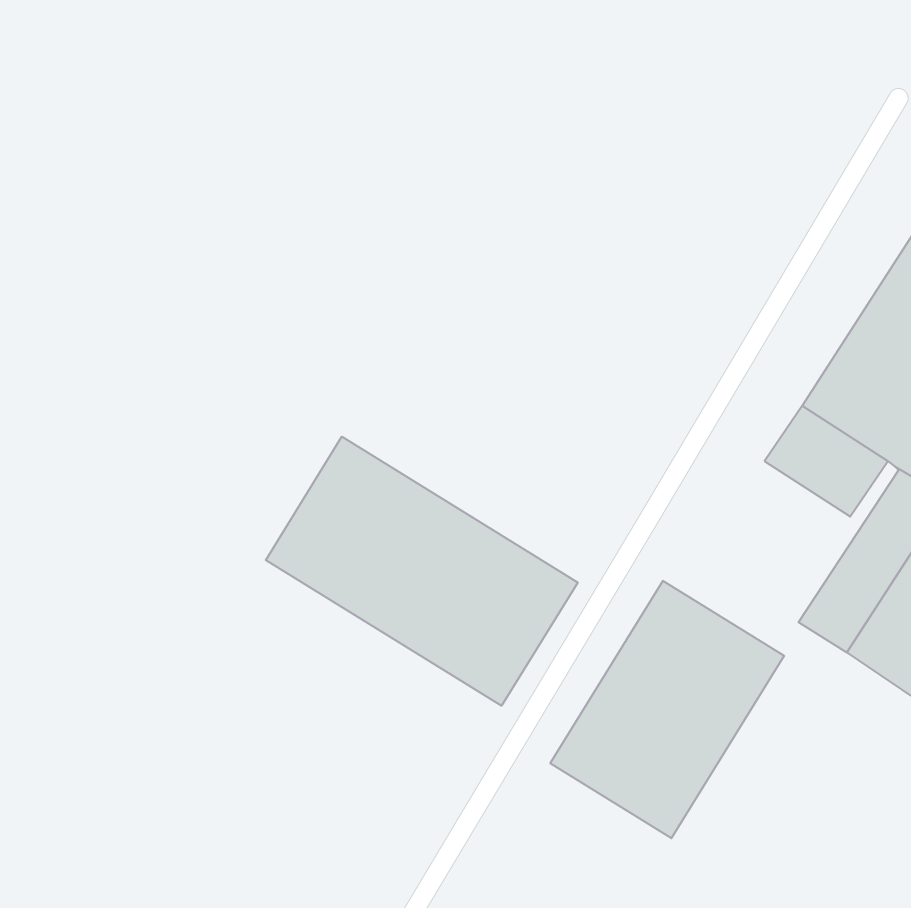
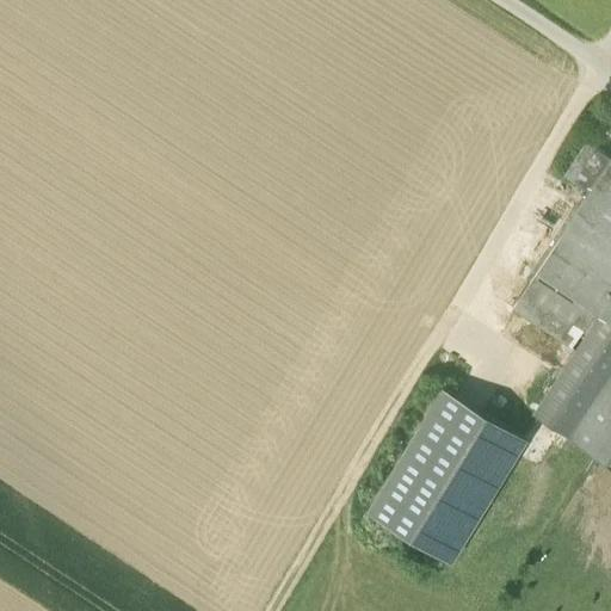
building: [266,437,578,706] -> none

